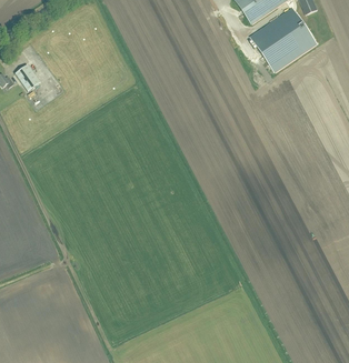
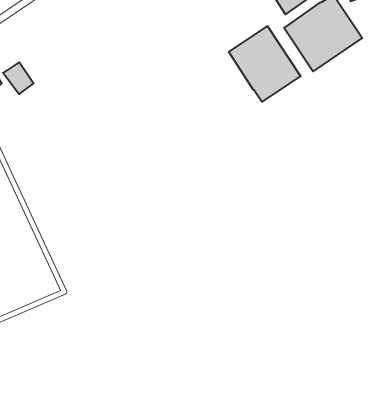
building: none -> [229,26,301,102]

